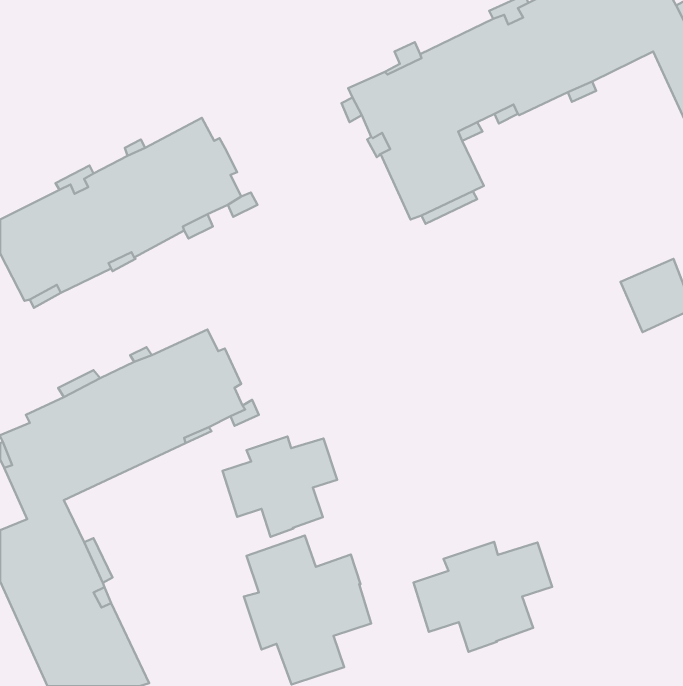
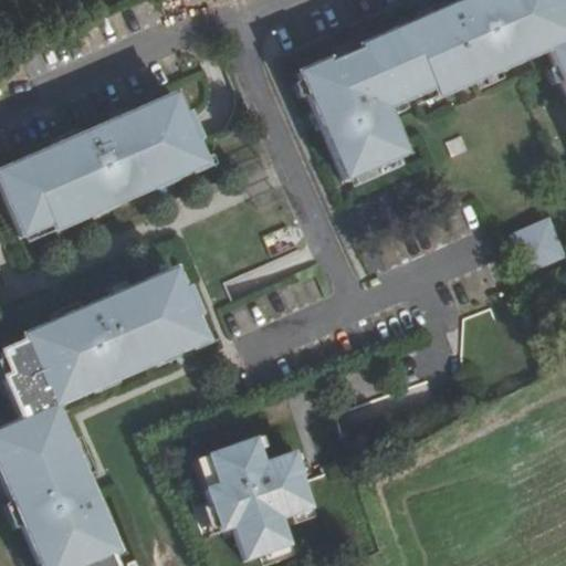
building: [223,436,337,537] -> none
building: [413,542,552,652] -> none

